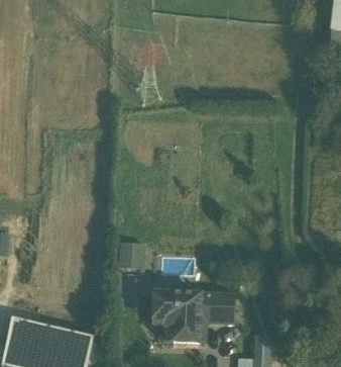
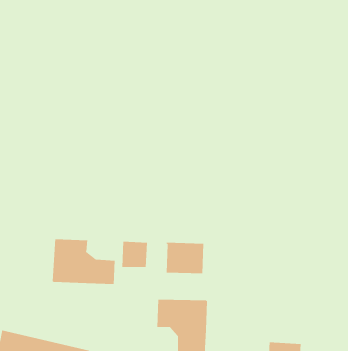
building: none -> [52,239,115,285]
building: [200,293,235,323] -> [166,242,204,274]

